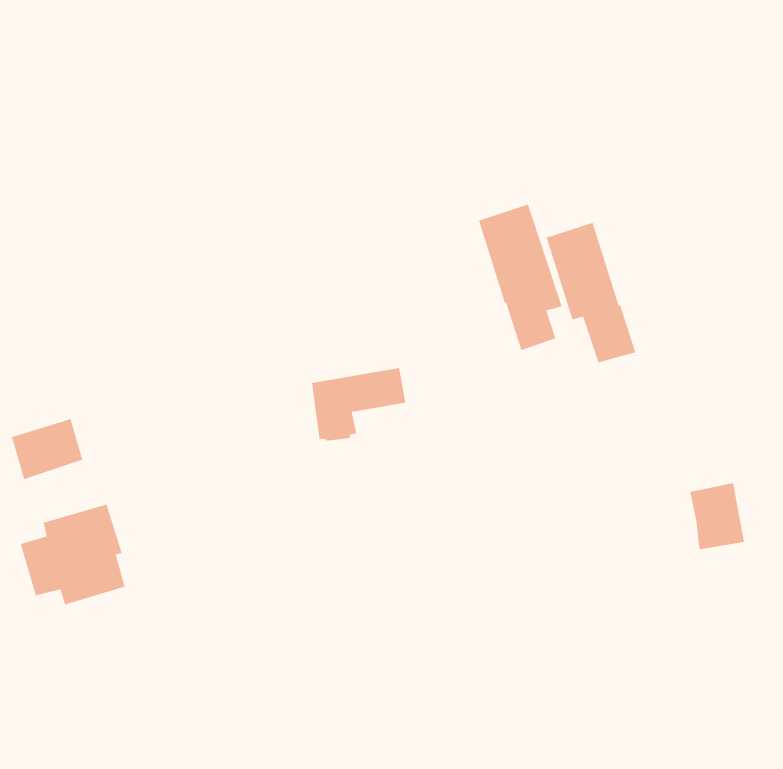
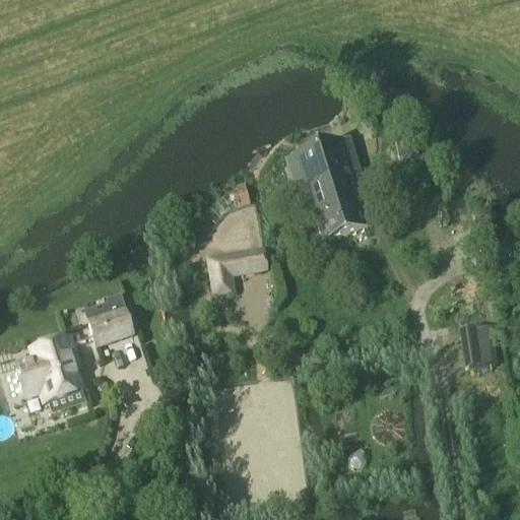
building: [546,222,636,363] -> [285,146,345,240]
building: [11,418,83,480] -> [86,305,134,345]

